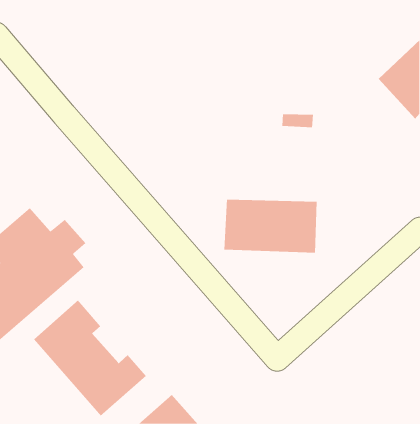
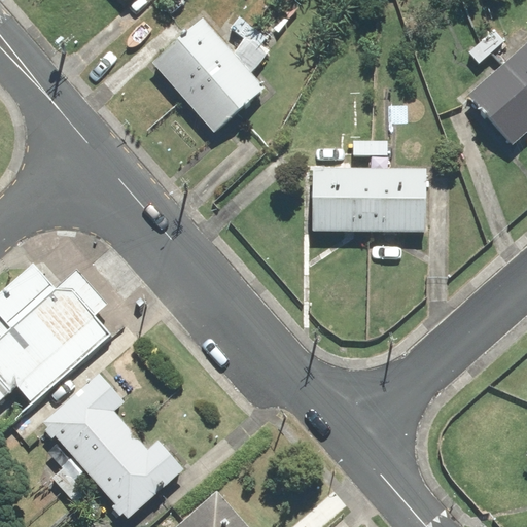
building: none -> [152,15,271,136]
building: [224,199,317,253] -> [312,167,428,234]

